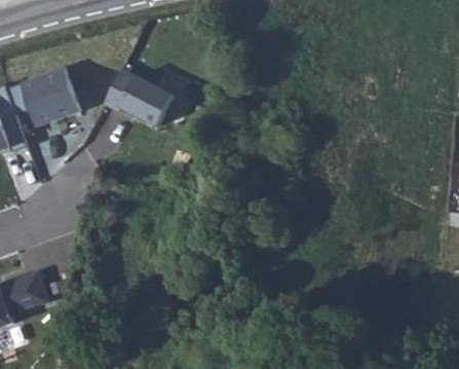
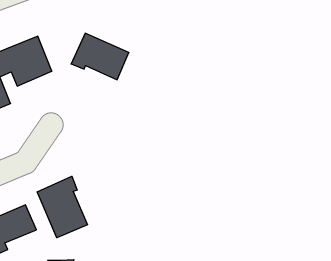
building: none -> [37,176,87,238]

